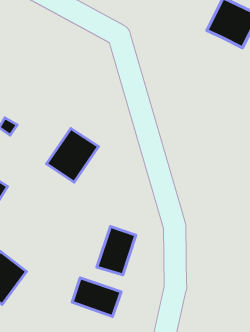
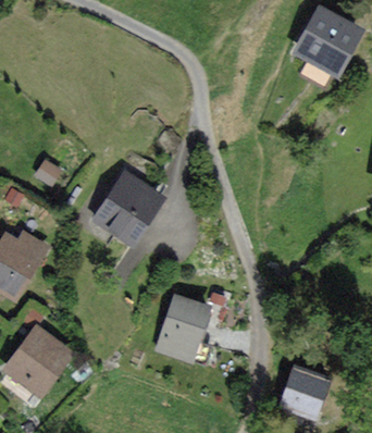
building: [72,278,121,316] -> none
building: none -> [281,366,328,418]

